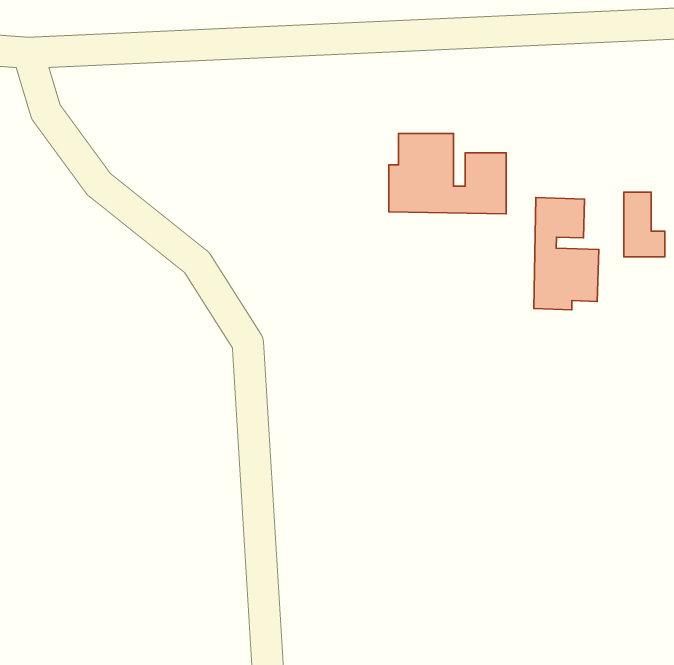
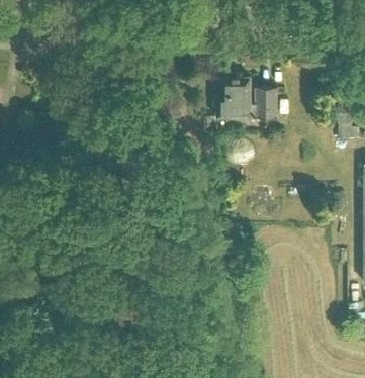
building: [534,197,599,310] -> none

